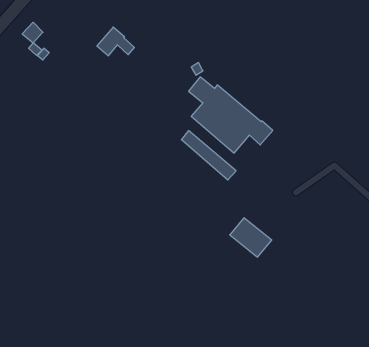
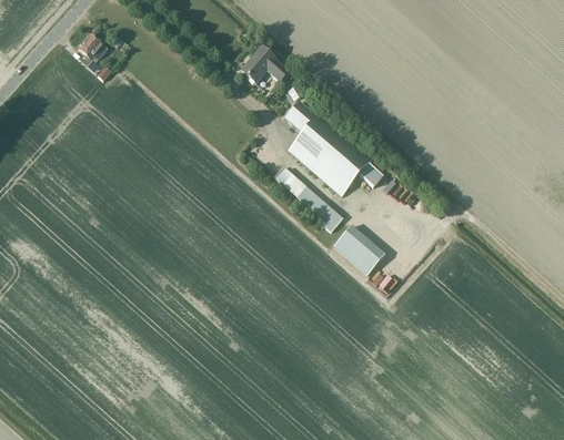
building: [97,27,134,56] -> [241,47,288,82]
building: [230,218,272,257] -> [333,225,385,274]

